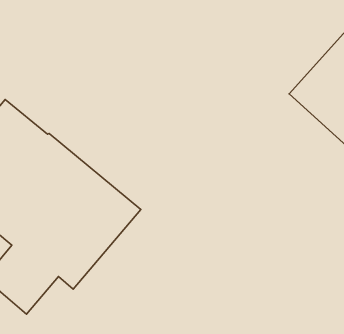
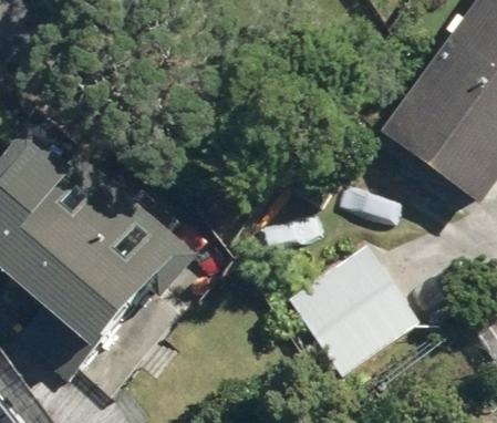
building: none -> [280,247,422,385]

